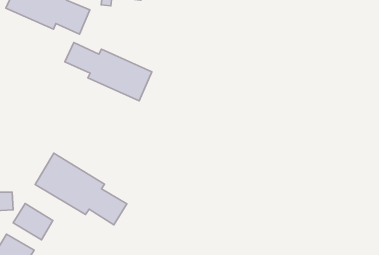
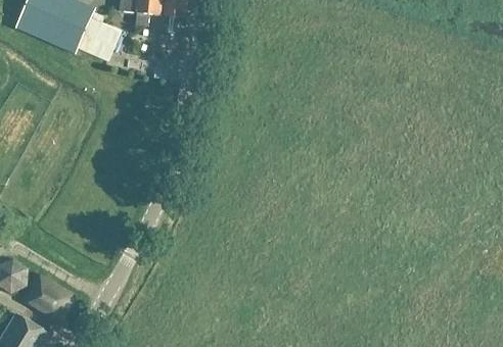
building: [65,43,152,101] -> none
building: [35,153,127,225] -> none

